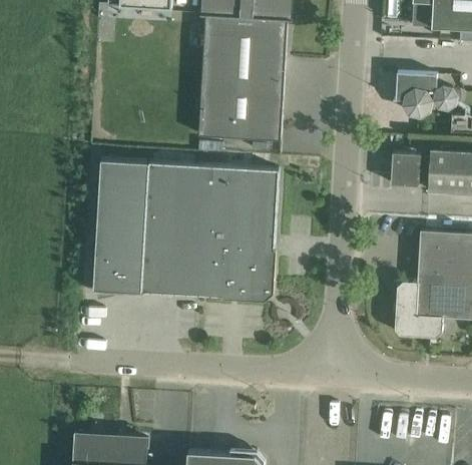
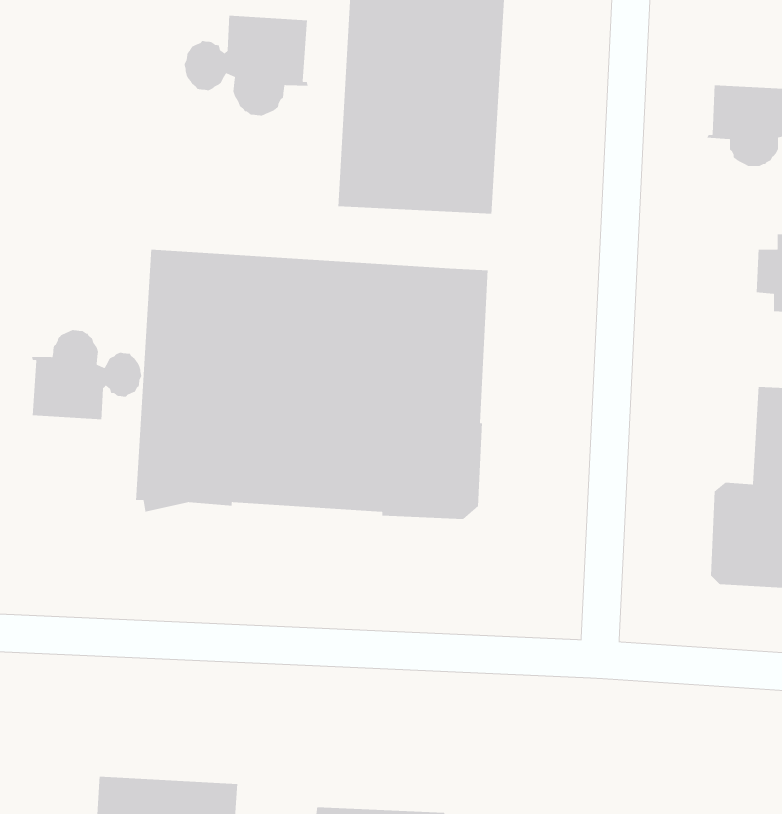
building: none -> [184,15,309,117]
building: [391,152,420,186] -> none
building: none -> [31,329,142,420]

